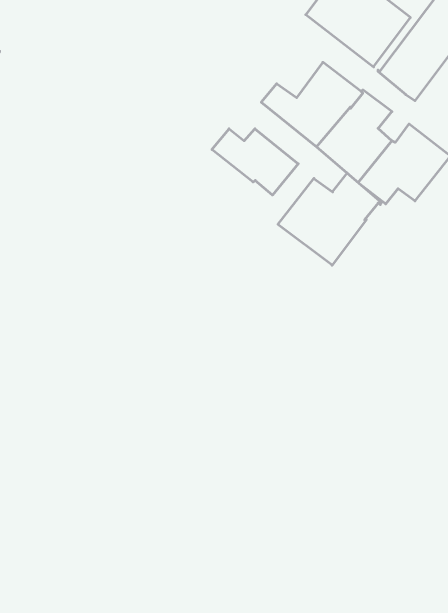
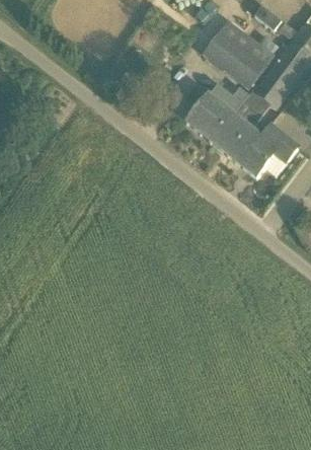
building: [212,129,298,195] -> none
building: [278,173,382,265] -> none

